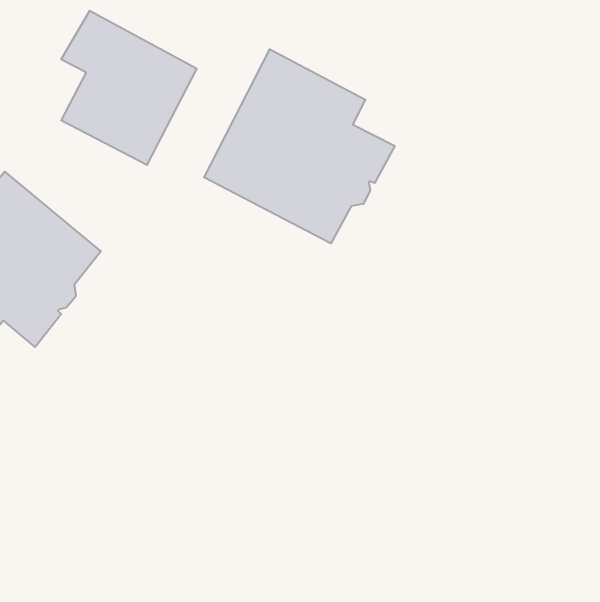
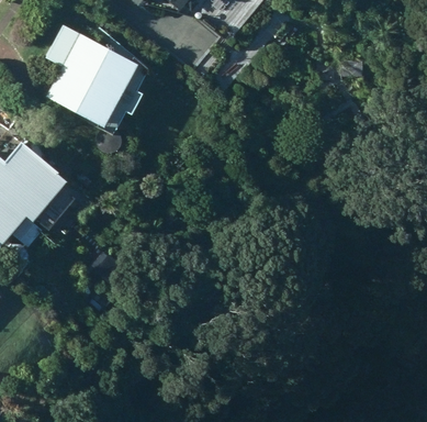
building: [204,49,395,243] -> none

